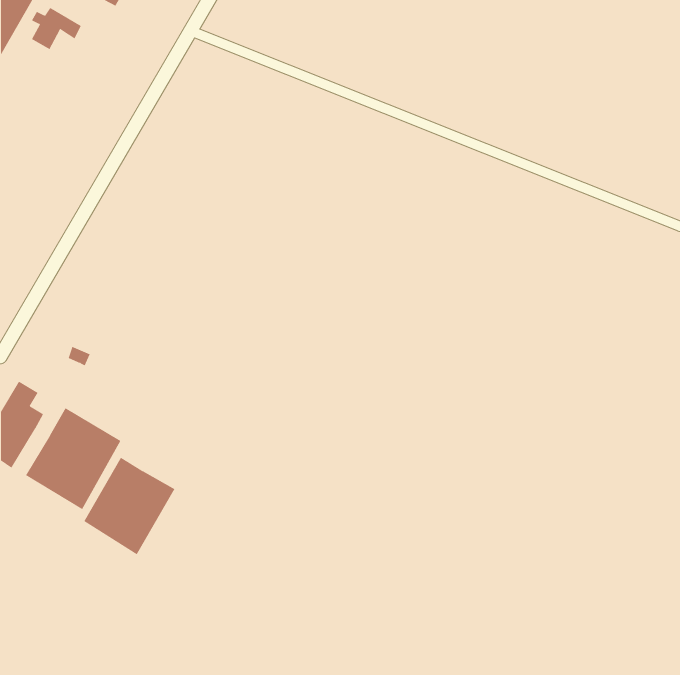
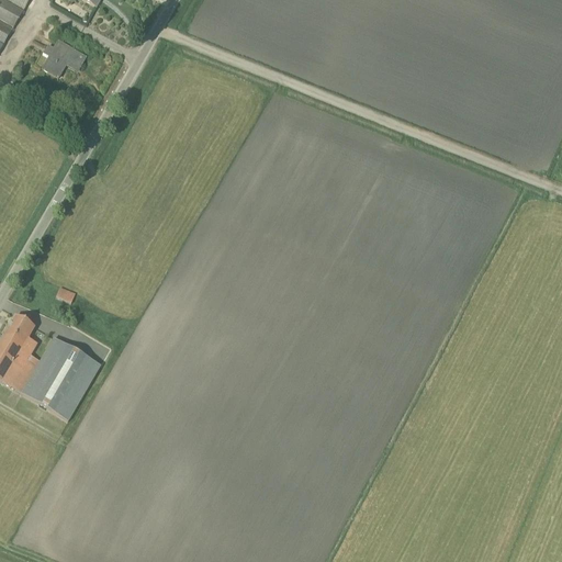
building: [31,7,82,50] -> [43,41,85,76]
building: [83,457,175,555] -> none

